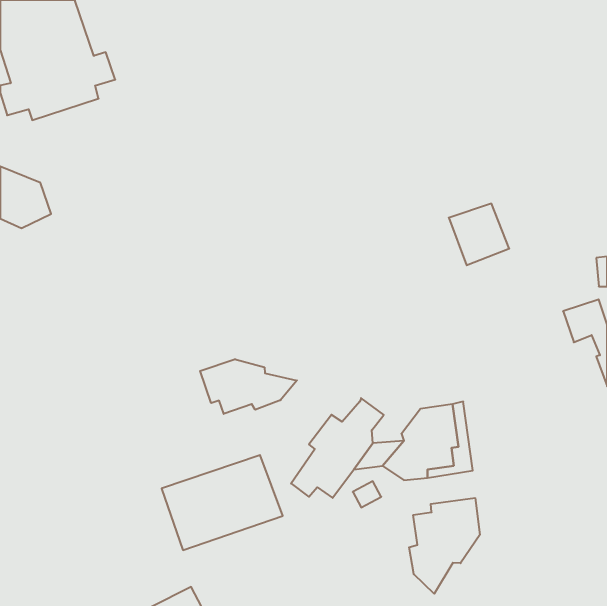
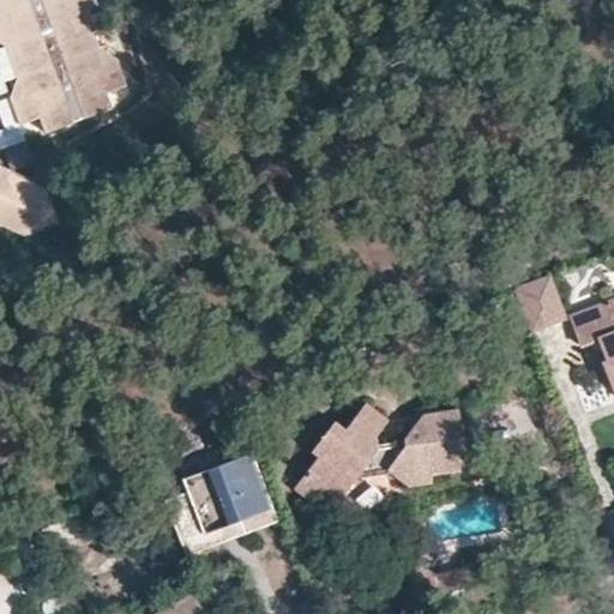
building: [449,204,509,265] -> [507,270,568,332]
building: [200,359,297,414] -> none
building: [409,498,480,594] -> none

